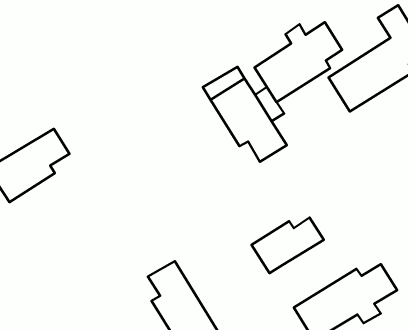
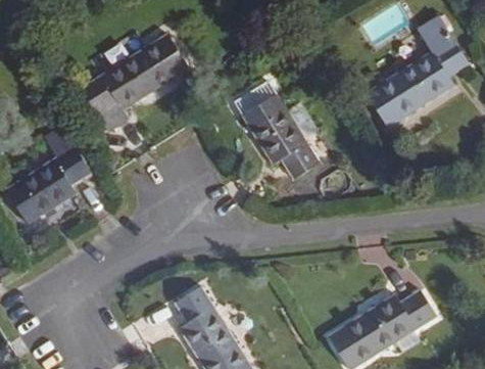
building: none -> [80,32,189,132]
building: [255,22,342,102] -> none
building: [252,217,324,273] -> none

